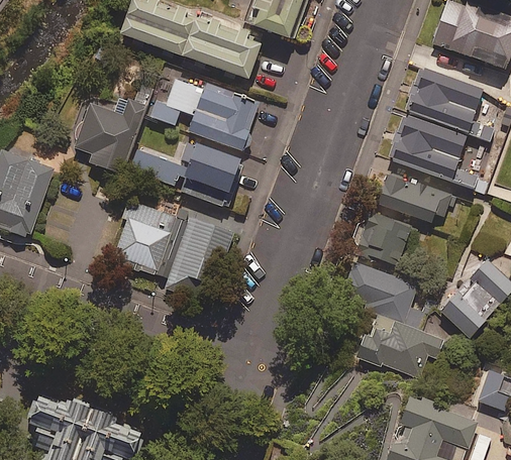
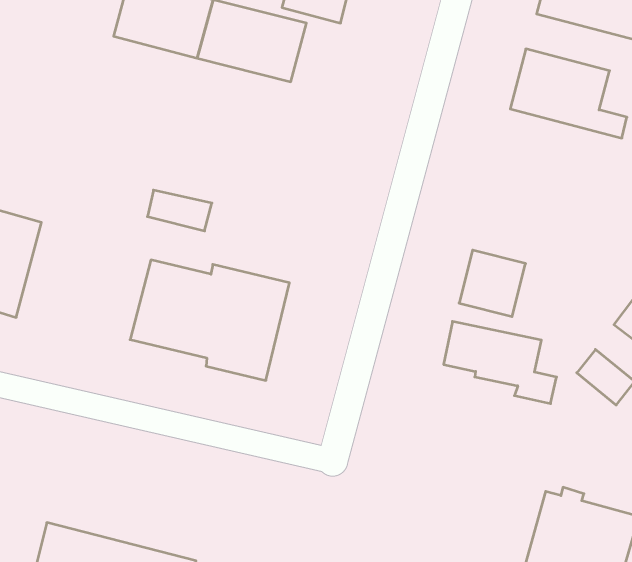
building: [149,76,259,148] -> none
building: [75,82,154,172] -> none
building: [393,115,465,179] -> none
building: [180,142,247,207] -> none
building: [376,175,449,222] -> none
building: [354,324,442,376] -> none

